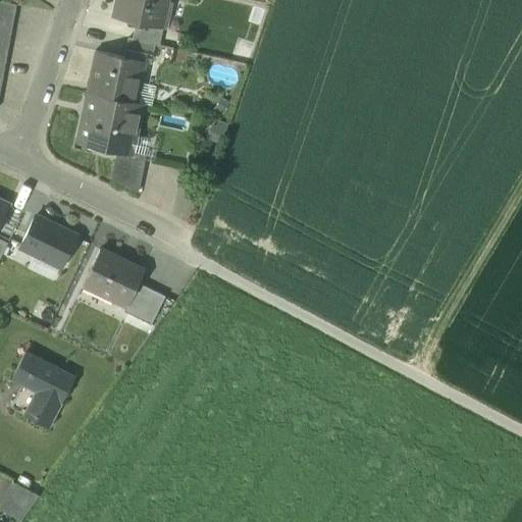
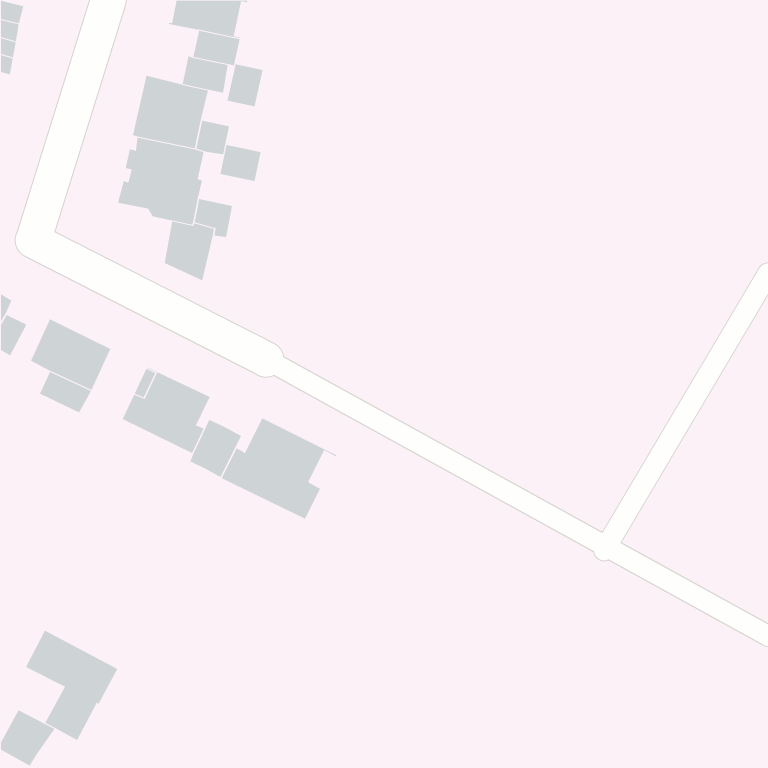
building: none -> [227,64,263,107]
building: none -> [220,144,261,182]
building: none -> [221,418,337,519]
building: [11,352,74,427] -> [25,630,118,741]

